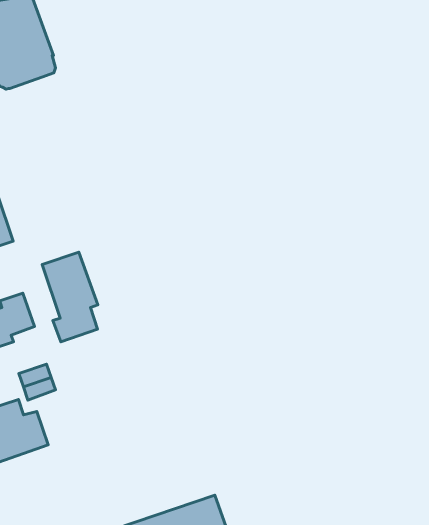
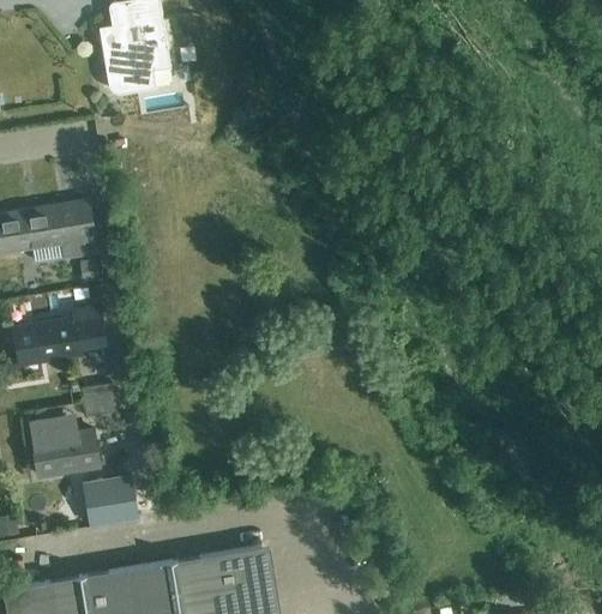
building: [42,252,98,342] -> none
building: none -> [83,475,137,525]

